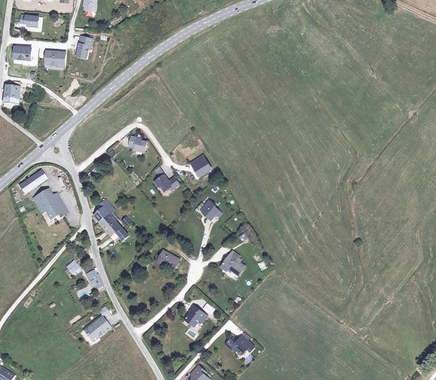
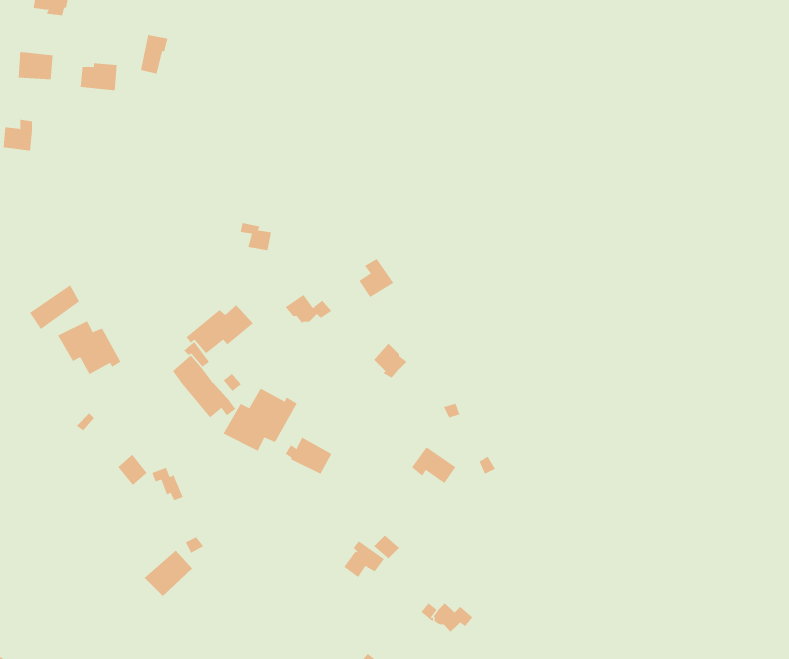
building: none -> [186,305,254,354]
building: none -> [223,388,298,451]

